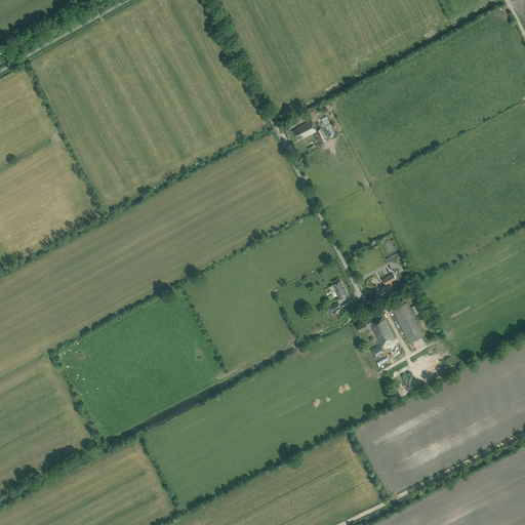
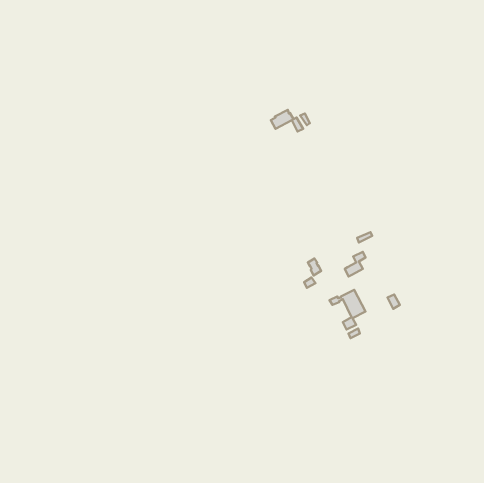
building: [392,301,423,342] -> none

